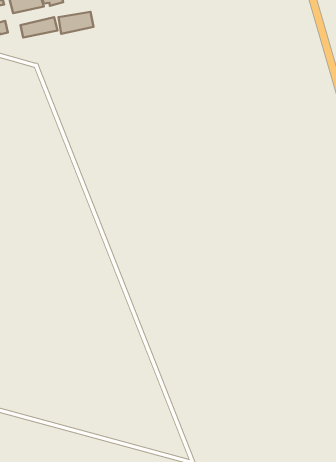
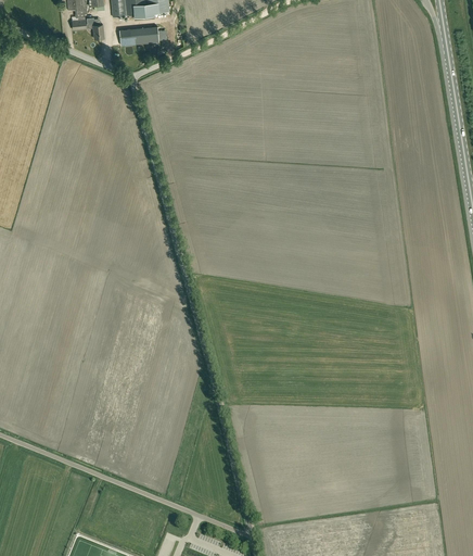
building: [59,12,94,34] -> none

